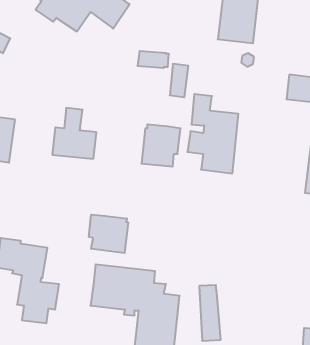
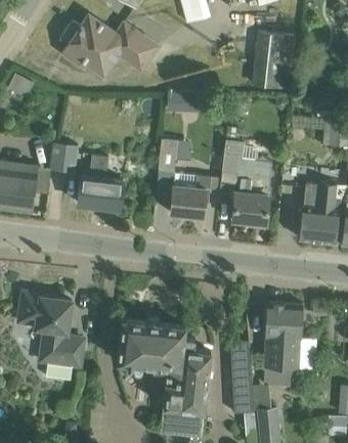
building: [170,64,188,97] -> [159,138,178,173]
building: none -> [51,142,77,173]
building: none -> [300,182,341,243]
building: [89,215,128,253] -> none
building: none -> [264,303,303,388]

